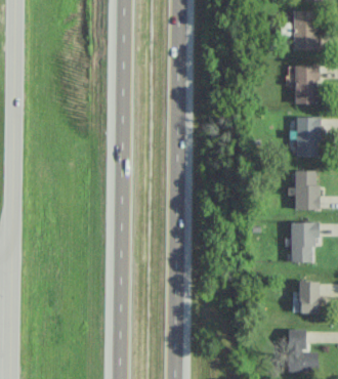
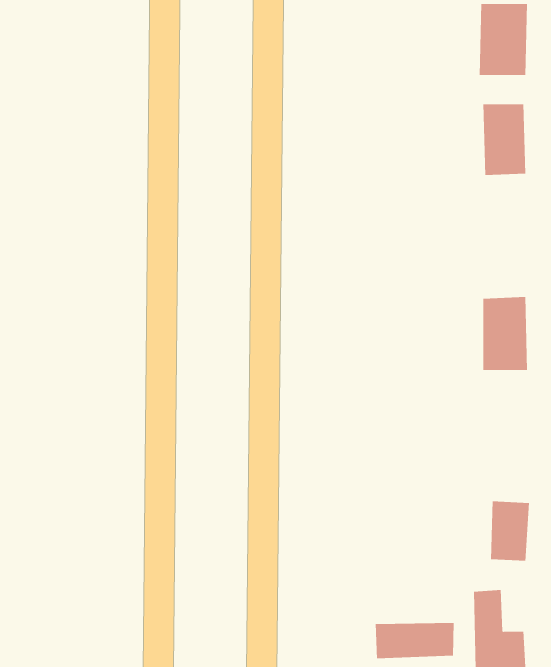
building: [296,118,320,158] -> none
building: [290,222,318,262] -> none
building: none -> [375,622,454,659]

